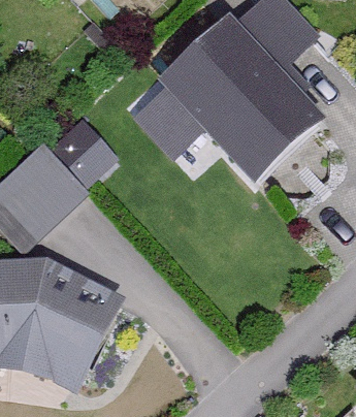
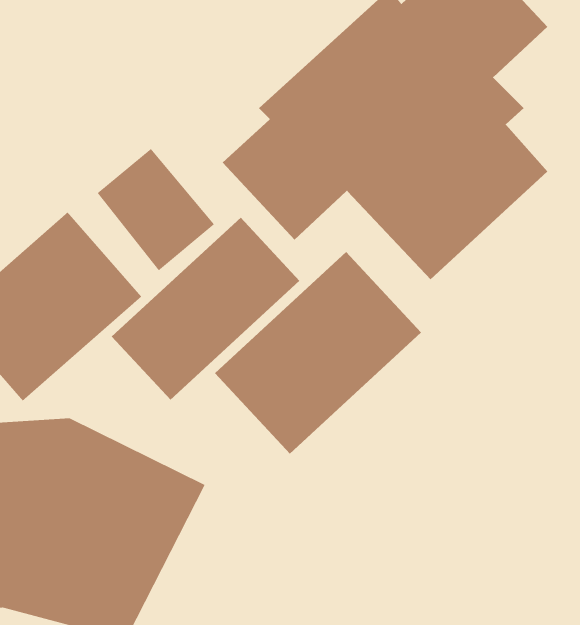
building: none -> [111,217,300,400]
building: none -> [214,251,422,454]

